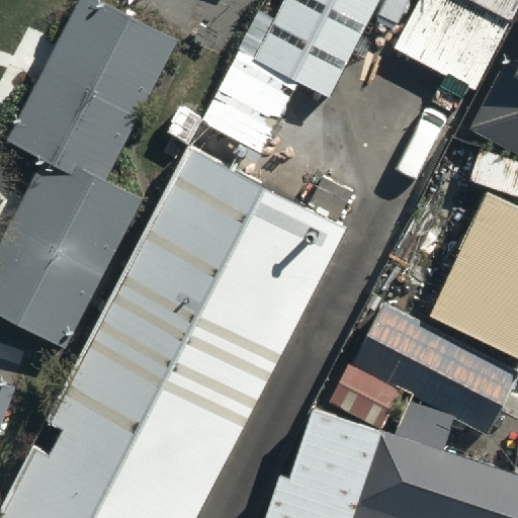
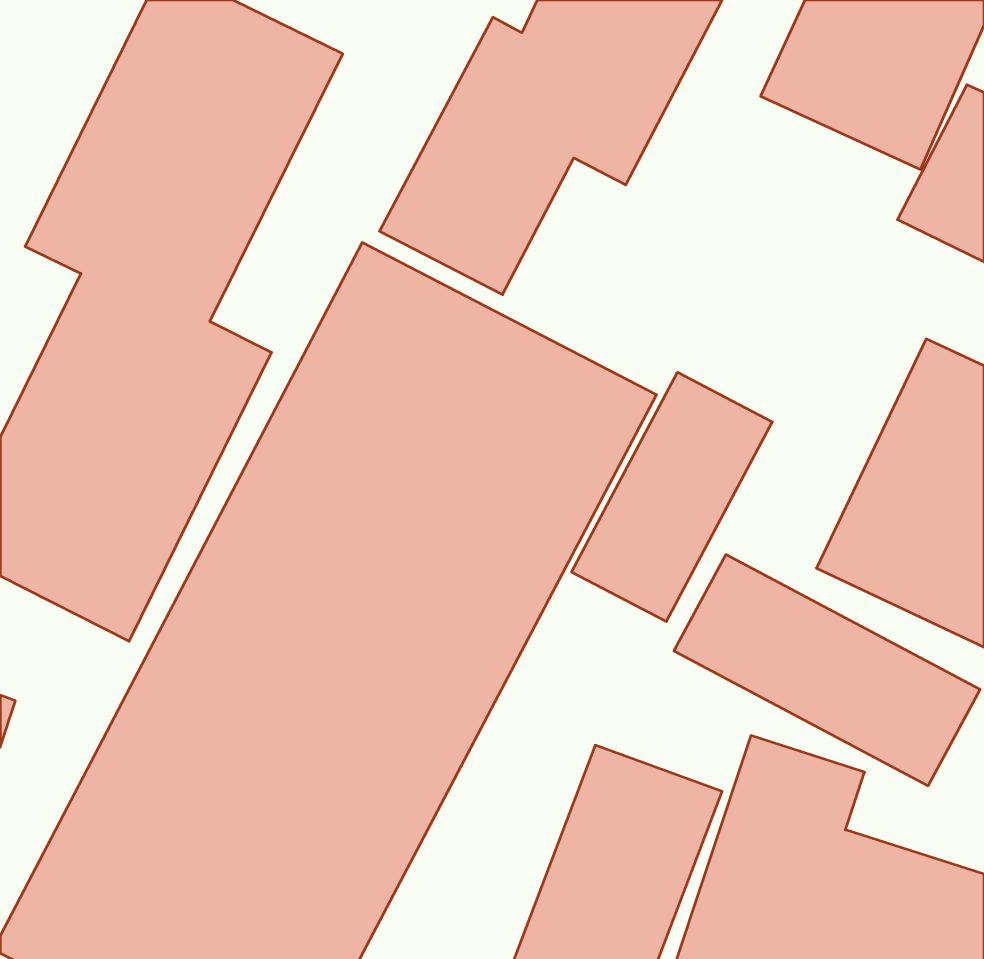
building: none -> [572,372,772,622]

